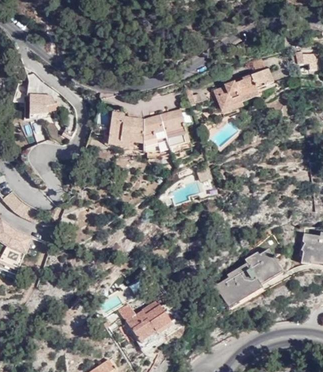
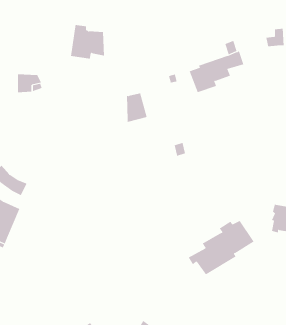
building: [160,107,190,146] -> none
building: [108,108,145,145] -> [70,24,105,59]
building: [115,300,169,347] -> none

